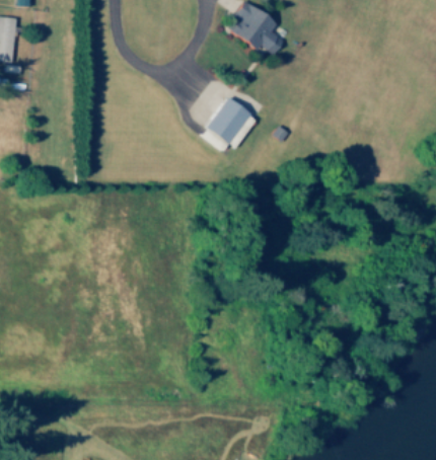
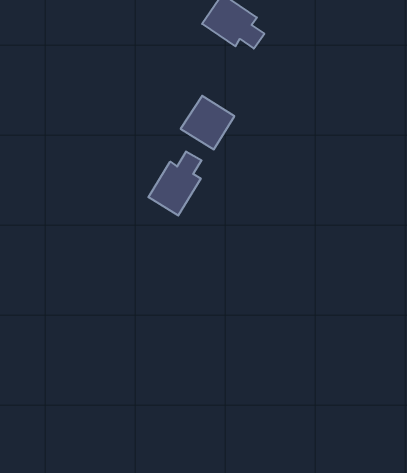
building: none -> [148,151,202,216]

